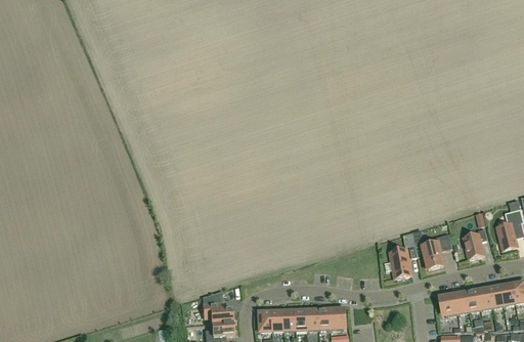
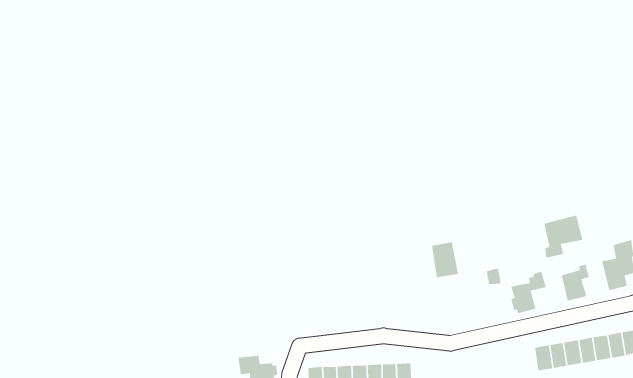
building: none -> [544,214,583,259]
building: [390,247,412,276] -> [431,241,459,278]

